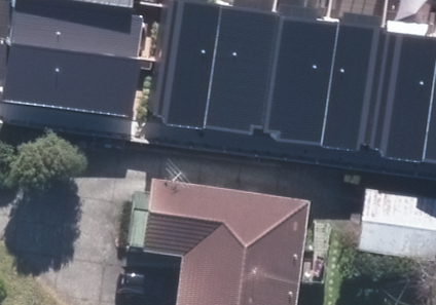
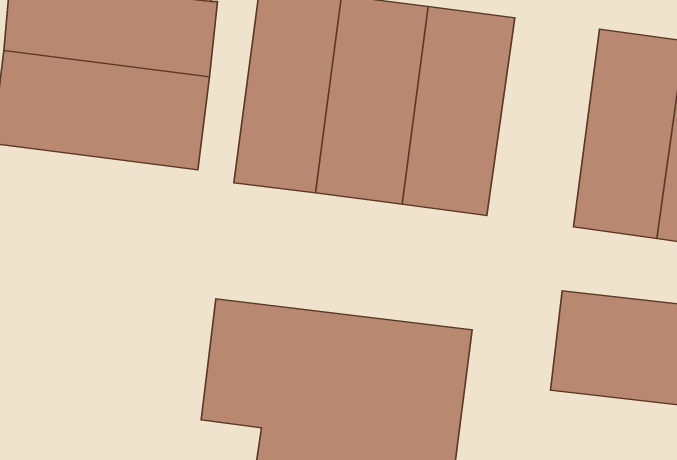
building: [315,21,386,152] -> none

